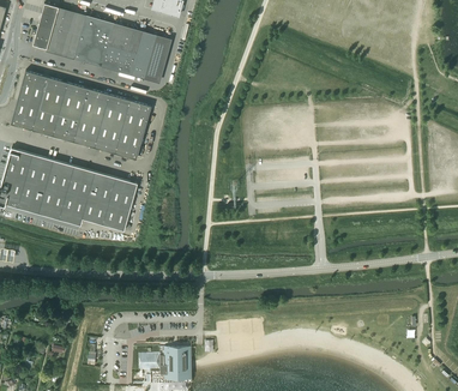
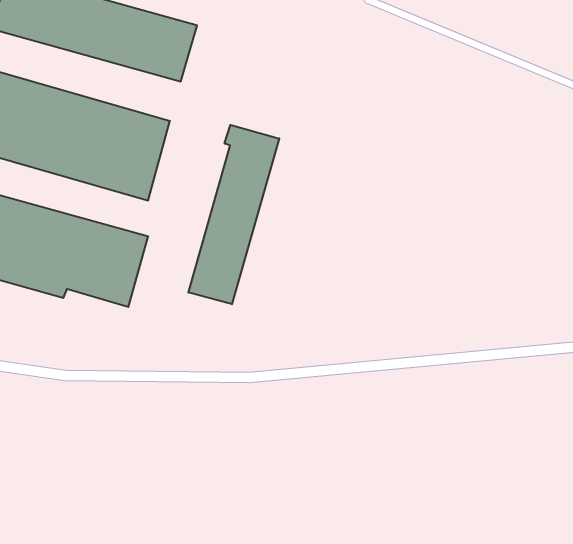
building: none -> [188,125,279,304]
building: [138,347,192,383] -> none

